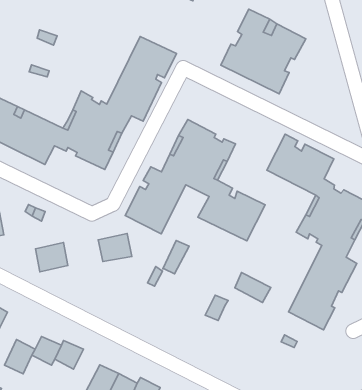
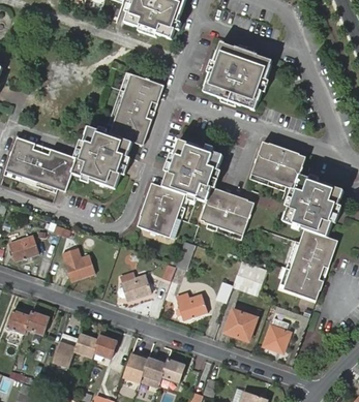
building: [98,234,132,261] -> [120,275,150,301]
building: none -> [176,295,206,320]
building: none -> [223,310,255,340]
building: none -> [262,318,289,350]

